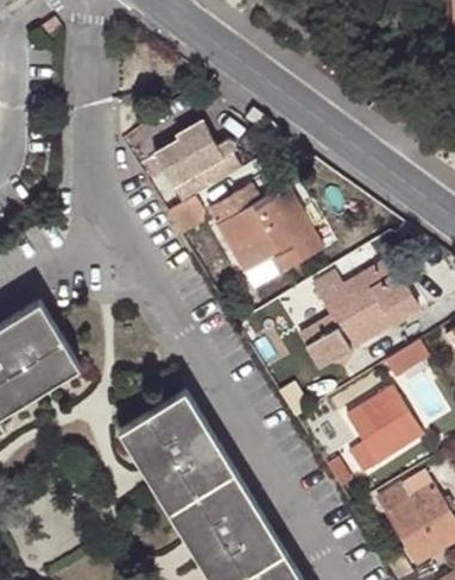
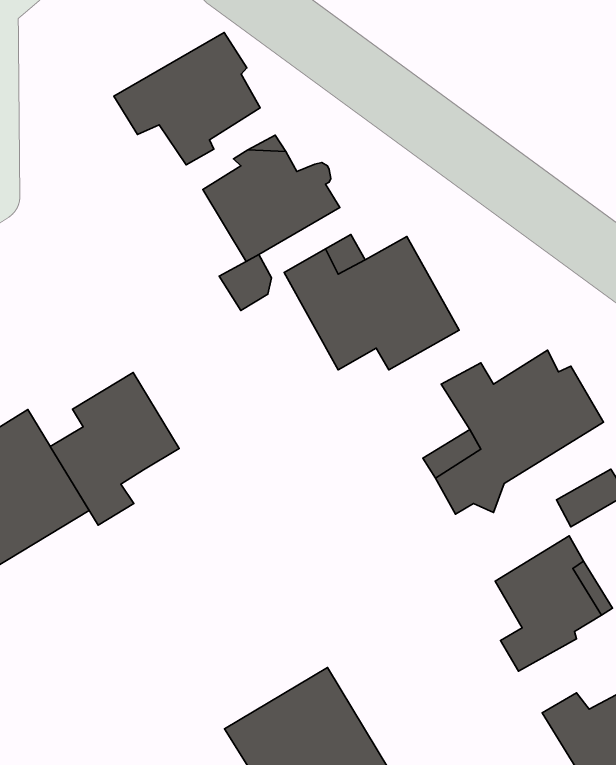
building: none -> [114,33,260,165]
building: none -> [50,373,179,525]
building: [118,390,235,511] -> none

